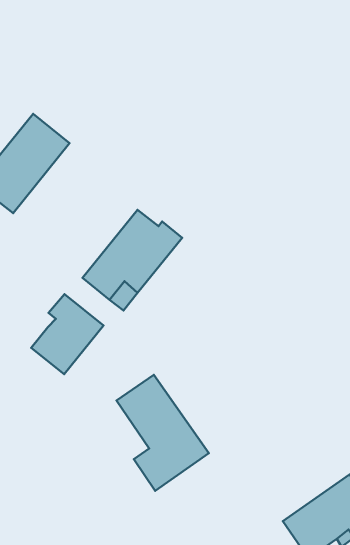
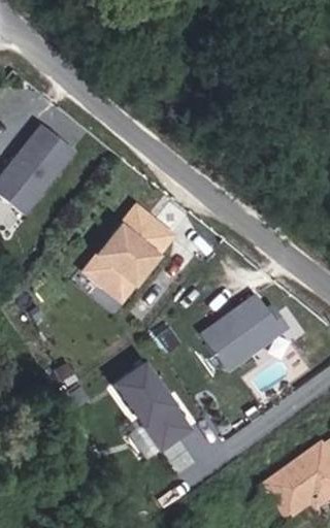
building: [31,294,104,374] -> none
building: none -> [201,296,287,370]

